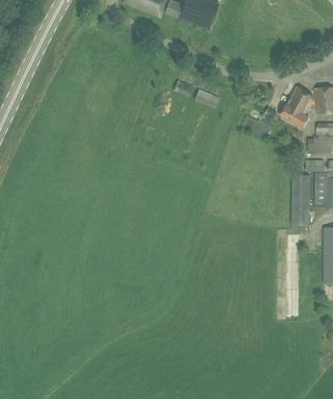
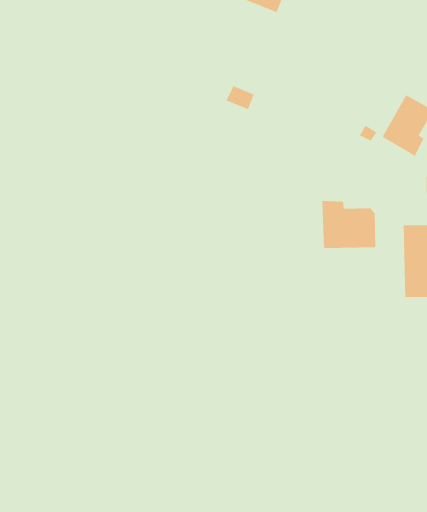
building: none -> [322,200,376,249]

